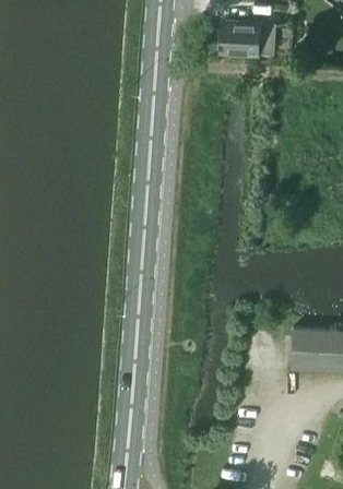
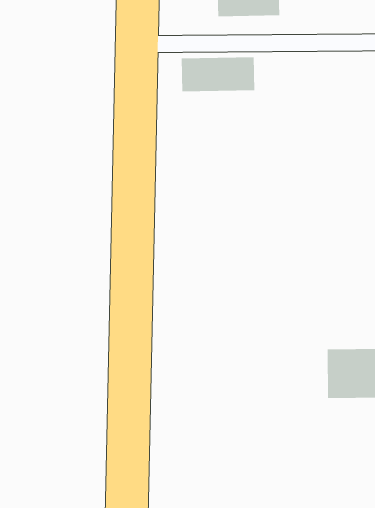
building: none -> [181,56,255,92]

